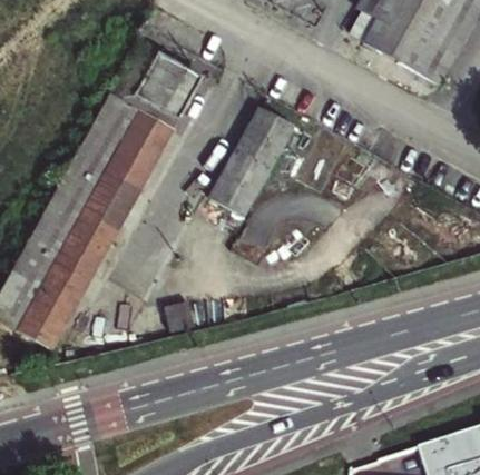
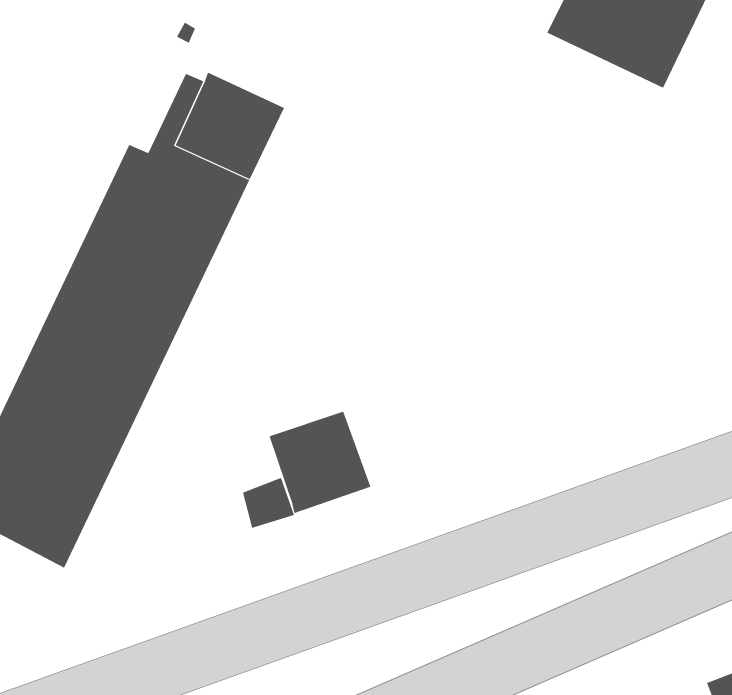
building: [209,109,292,216] -> none
building: none -> [269,411,371,514]

